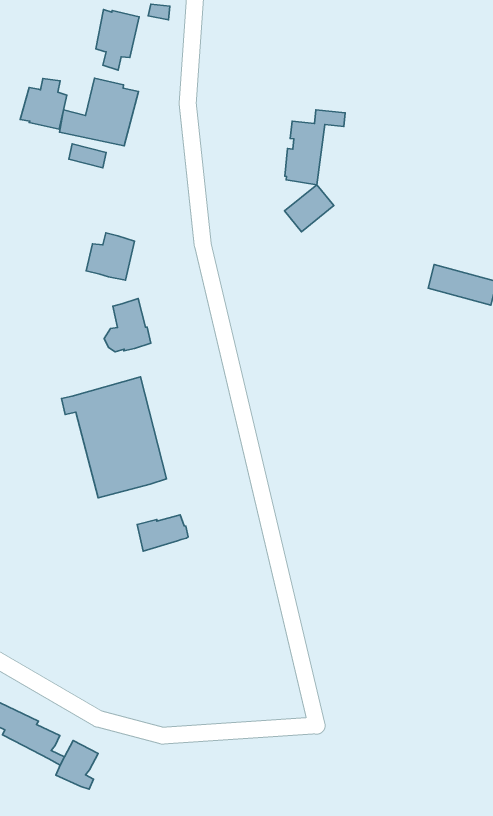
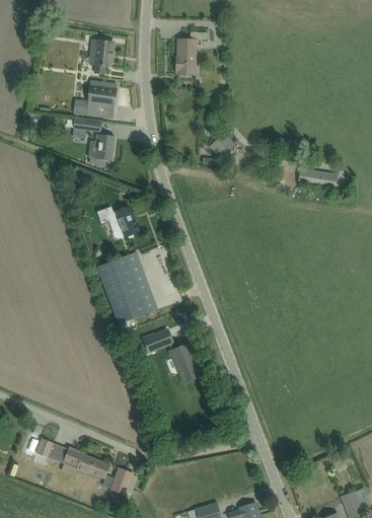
building: [20,78,67,129] -> none
building: [285,110,345,185] -> [175,31,207,75]
building: [86,233,135,280] -> [87,134,114,160]
building: none -> [168,343,201,379]

